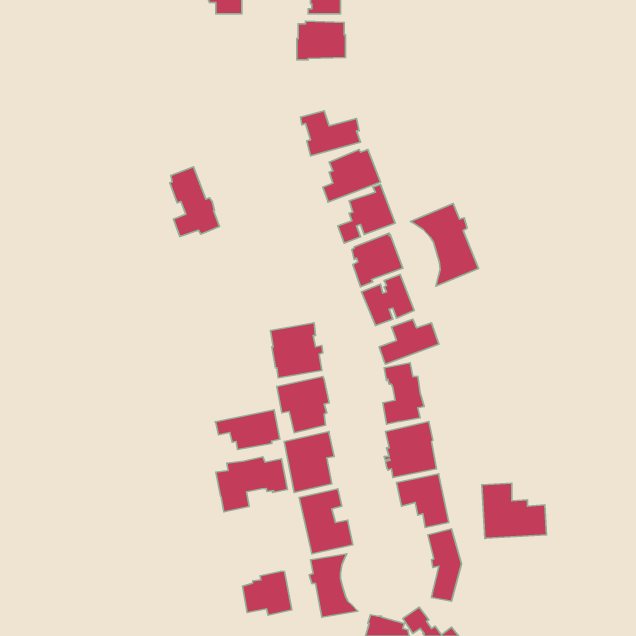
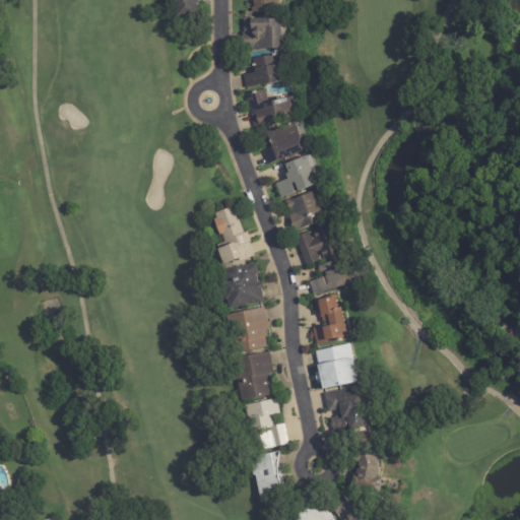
building: none -> [243,53,280,87]
building: [170,167,220,237] -> [213,207,254,264]
building: [411,204,479,286] -> none
building: [215,410,280,449] -> none
building: [216,457,288,512] -> none
building: [482,483,546,539] -> none
building: [243,571,292,615] -> none

